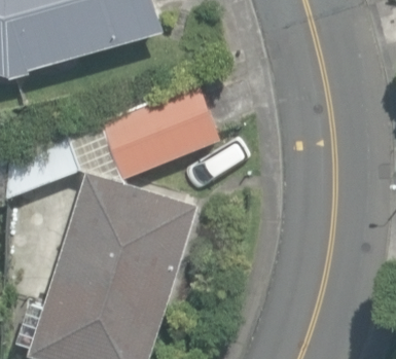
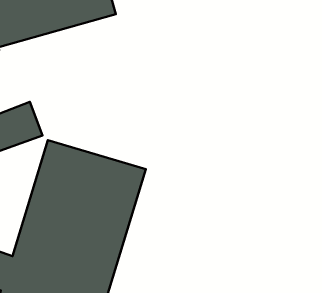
building: [97,82,215,177] -> none

